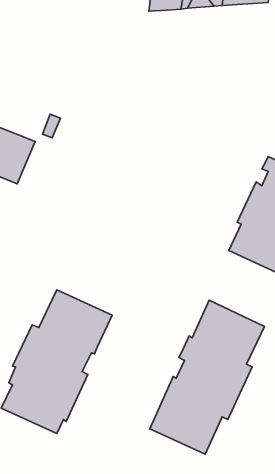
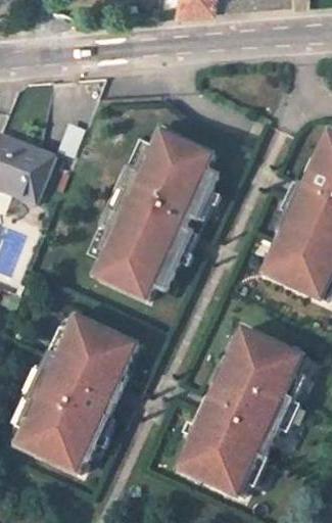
building: none -> [95,130,219,299]

